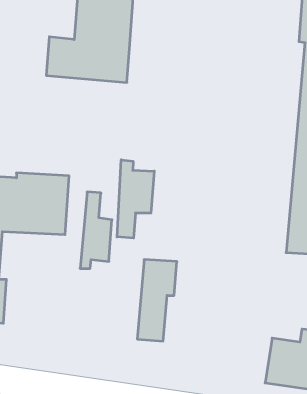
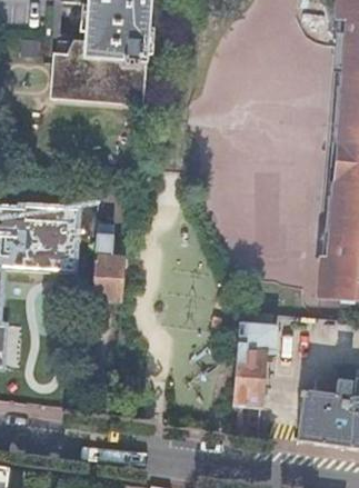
building: [117,160,154,238] -> none
building: [137,260,177,341] -> [232,315,277,406]

